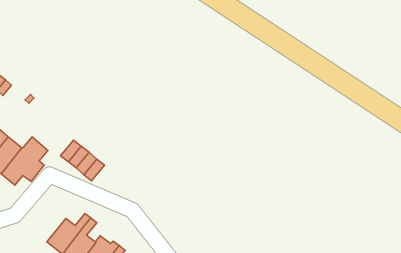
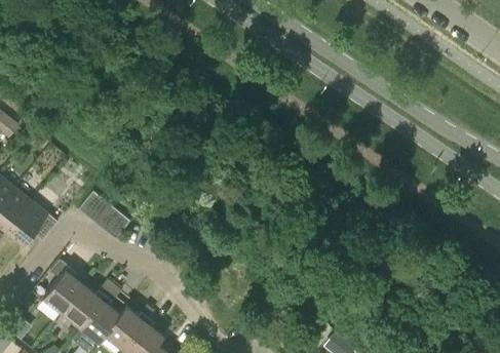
building: none -> [43,266,84,313]

